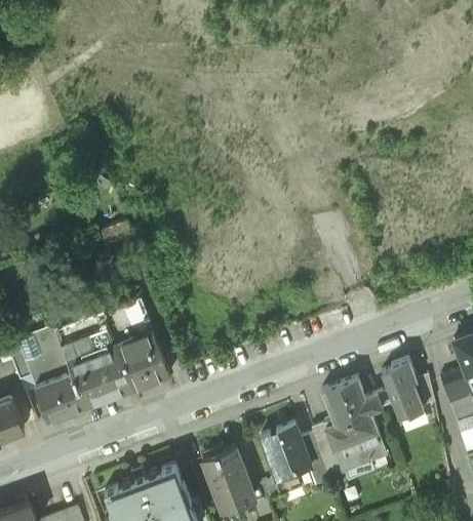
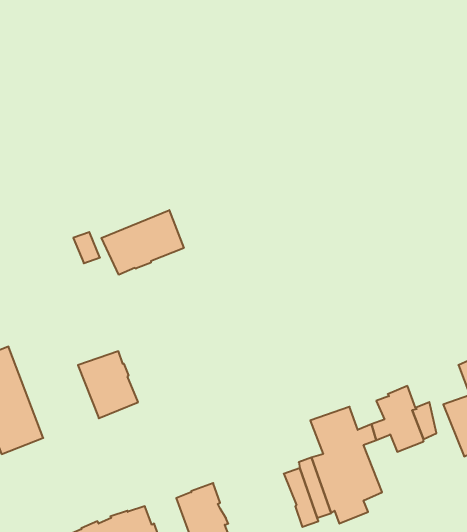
building: none -> [101,210,184,275]
building: [55,310,134,406] -> none
building: [261,425,310,476] -> none

